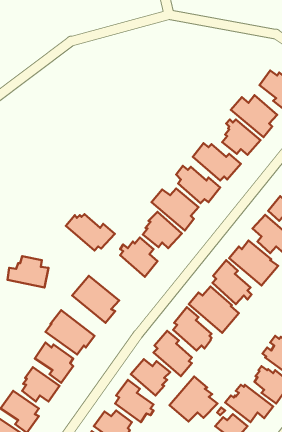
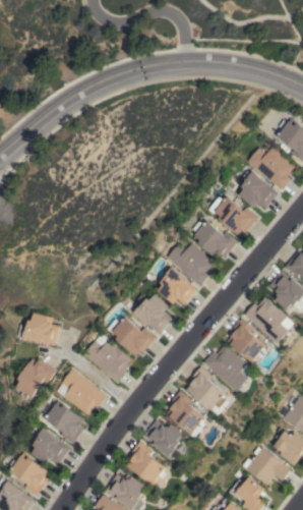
building: [66,214,115,250] -> [105,318,156,355]
building: none -> [12,359,55,399]
building: [170,376,218,422] -> none

